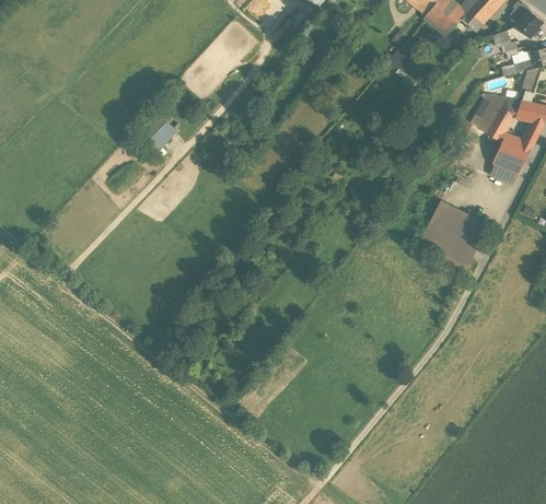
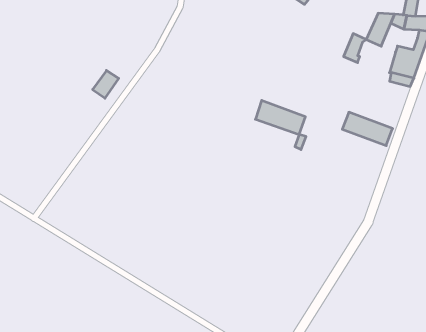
building: [486,106,514,140] -> [344,34,366,63]
building: [419,221,477,266] -> [255,100,305,135]

